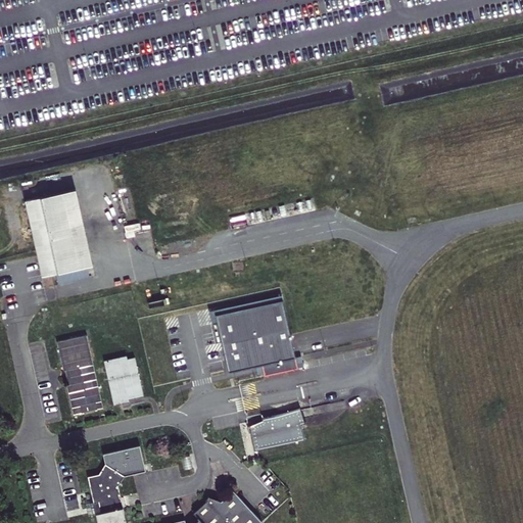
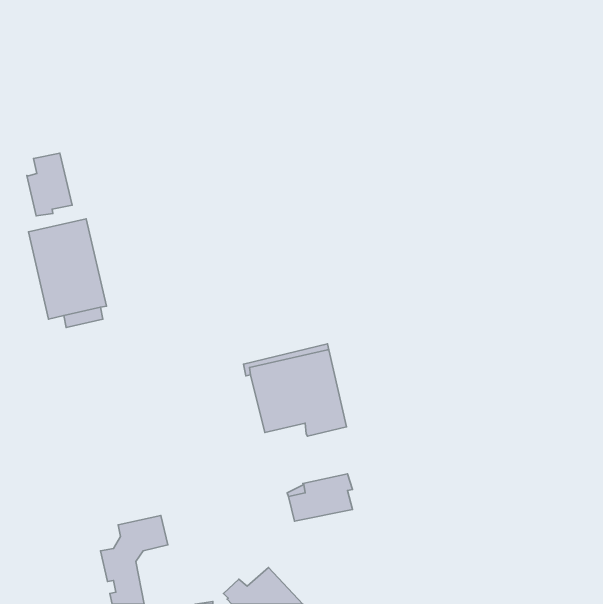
building: none -> [27,153,72,216]
building: [56,335,101,415] -> none
building: [103,355,142,406] -> none

